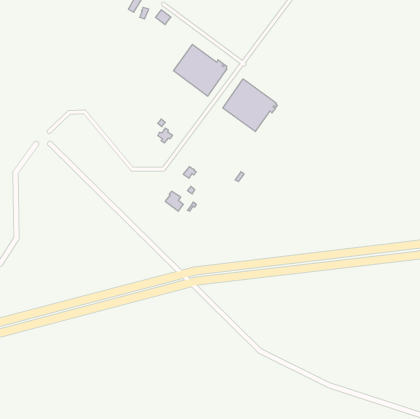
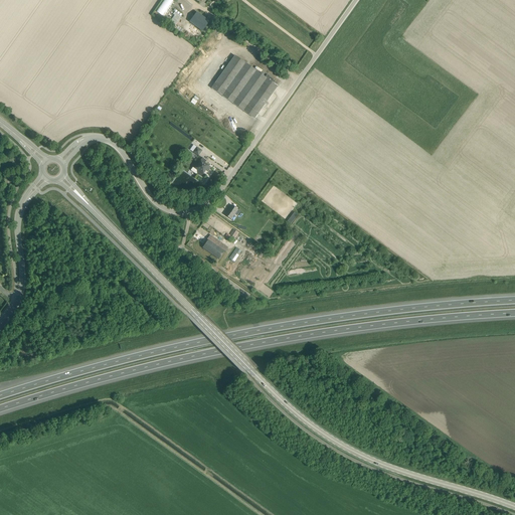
building: [223,79,277,132] -> none

